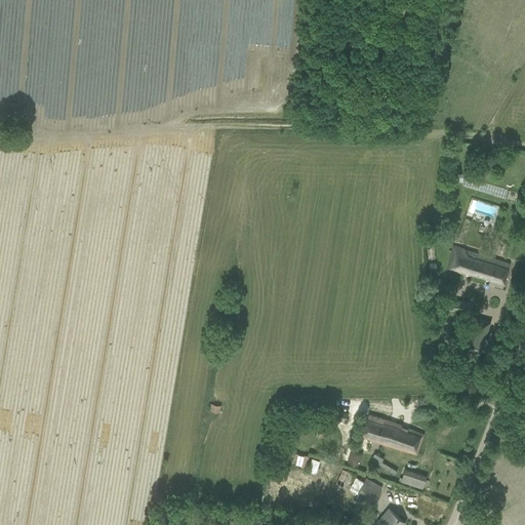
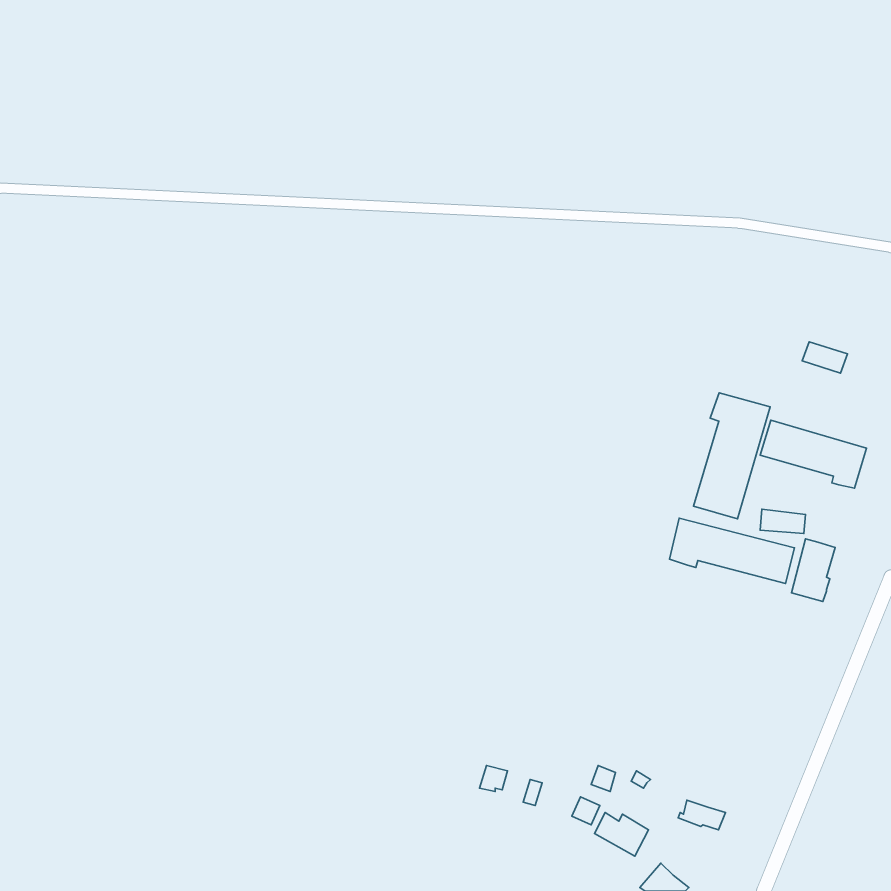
building: none -> [693,393,770,519]
building: none -> [669,518,794,584]
building: [362,415,423,454] -> none

